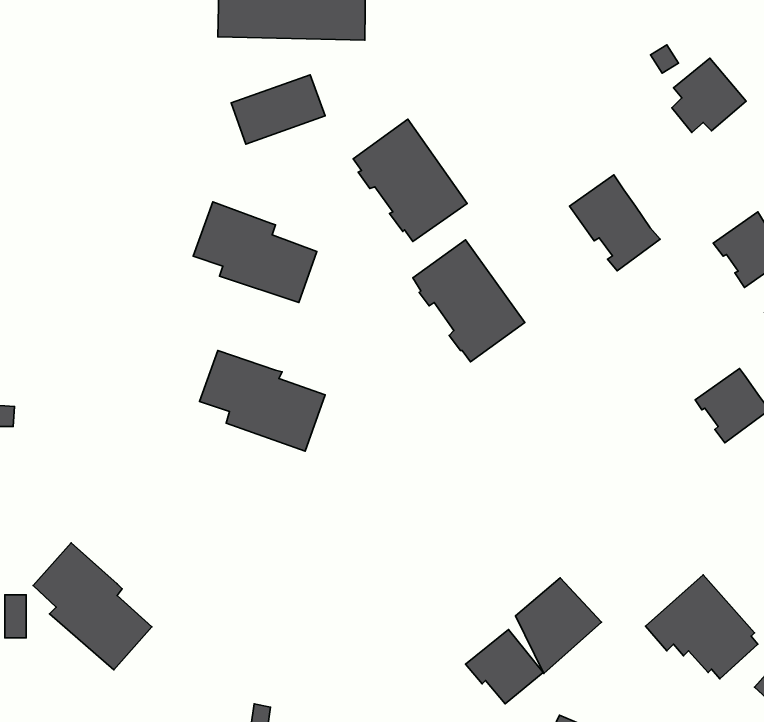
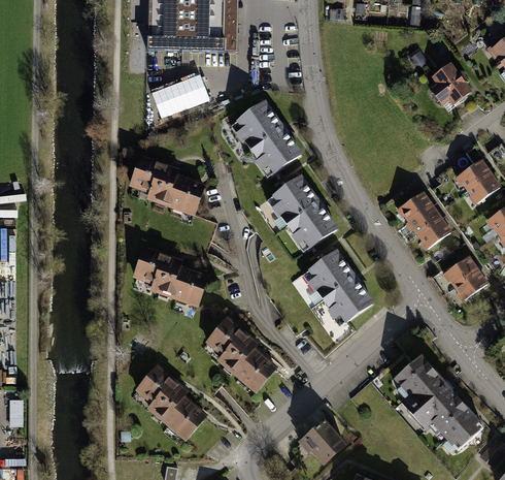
building: [569,175,660,271] -> [395,190,451,250]
building: none -> [300,249,373,325]
building: none -> [205,314,279,391]
building: [33,543,152,670] -> [135,362,209,442]
building: [516,578,602,674] -> [394,357,447,417]

